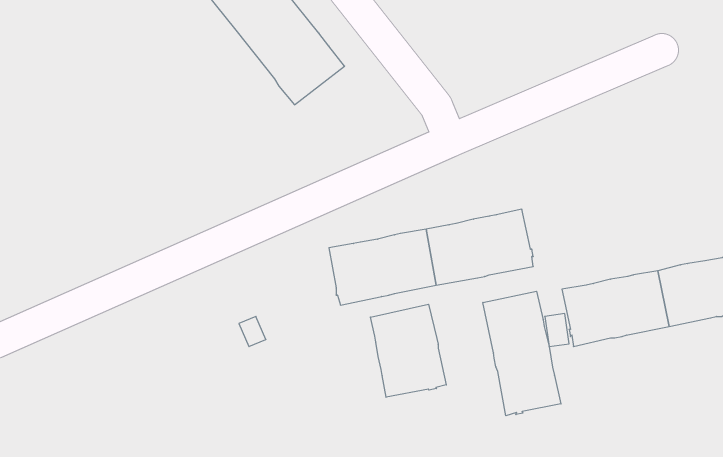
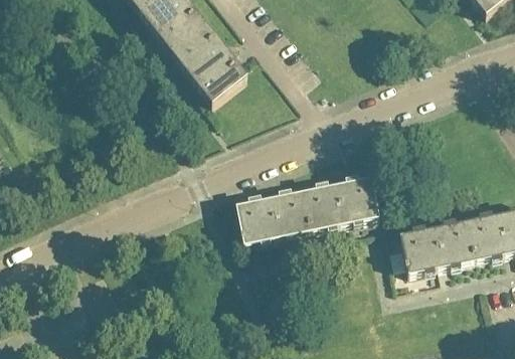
building: [483,291,561,416] -> none
building: [370,304,446,397] -> none

